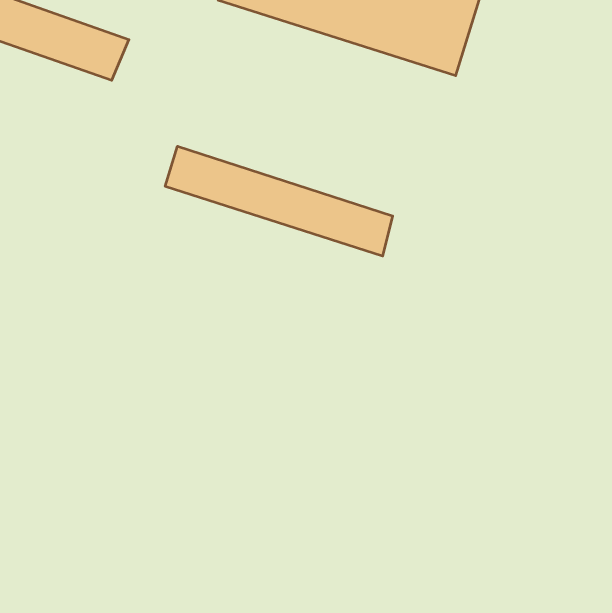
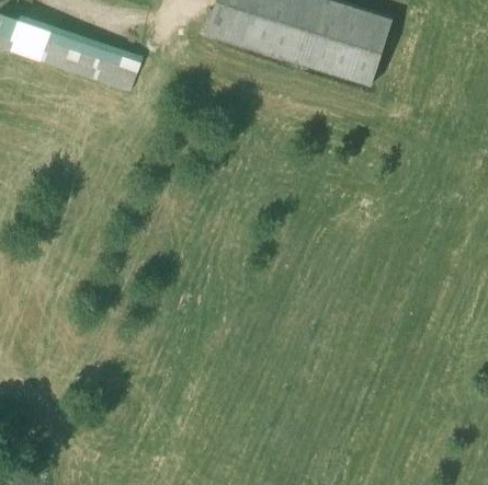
building: [165,146,393,256] -> none

